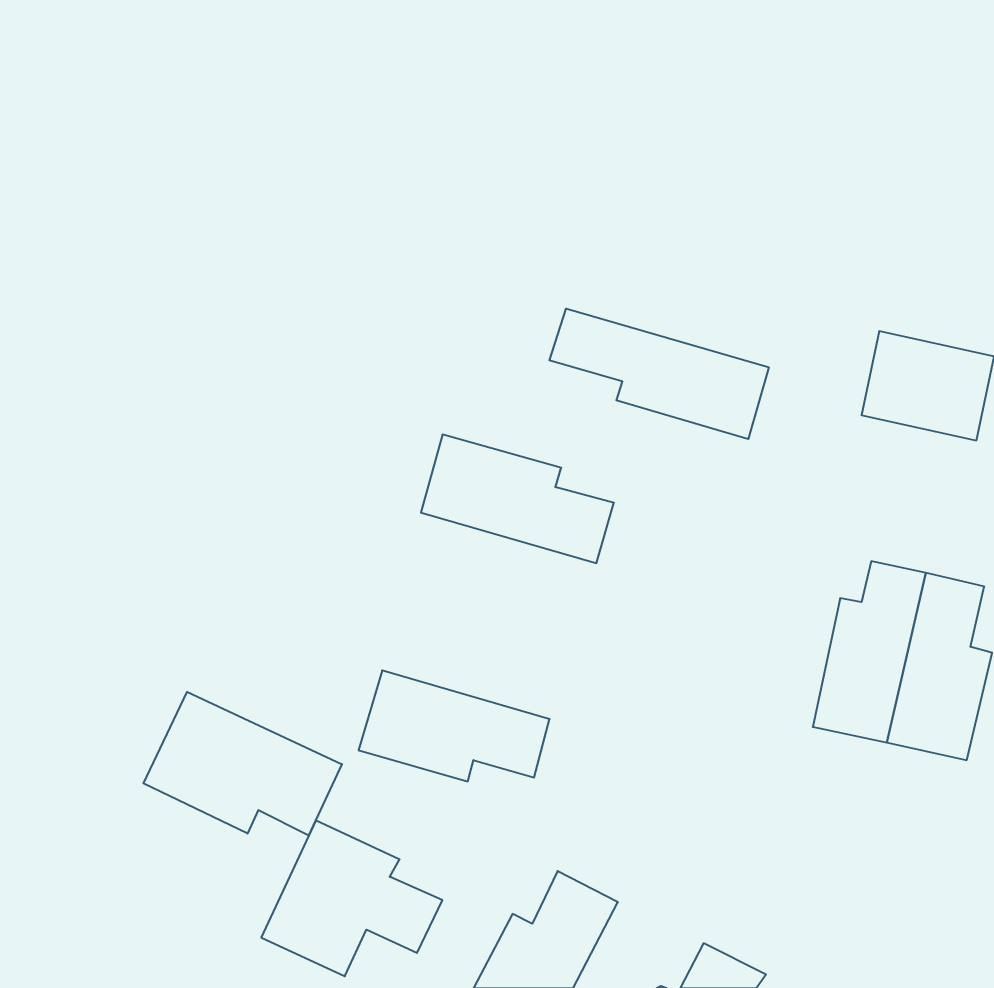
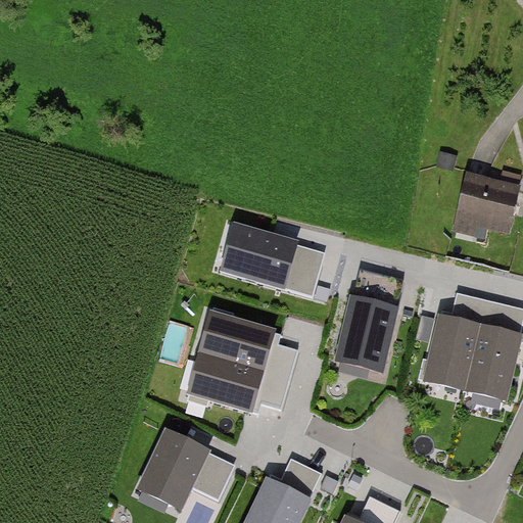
building: [549,309,769,439] -> none
building: none -> [337,271,400,371]
building: none -> [200,313,296,377]
building: [143,692,342,836] -> none

